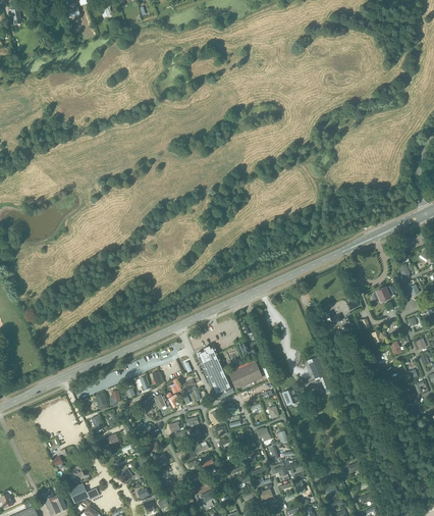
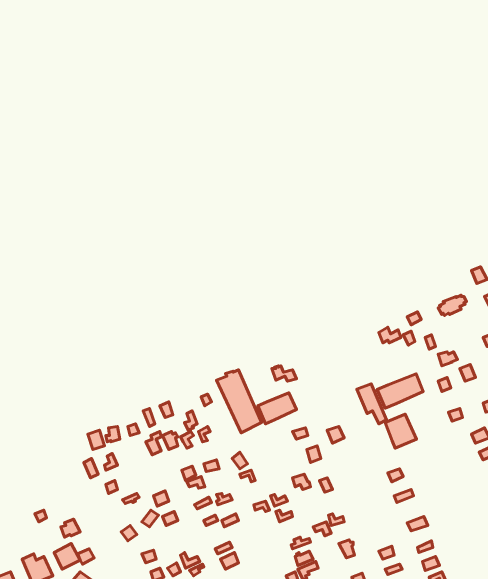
building: none -> [377,374,423,408]
building: none -> [385,414,416,448]

